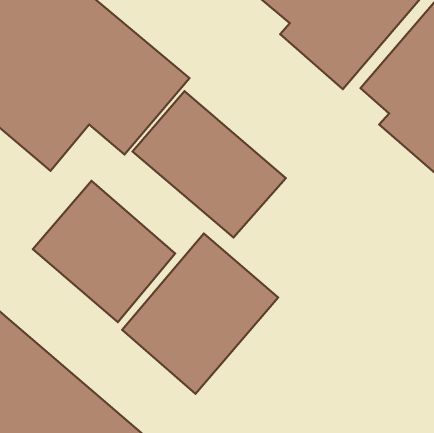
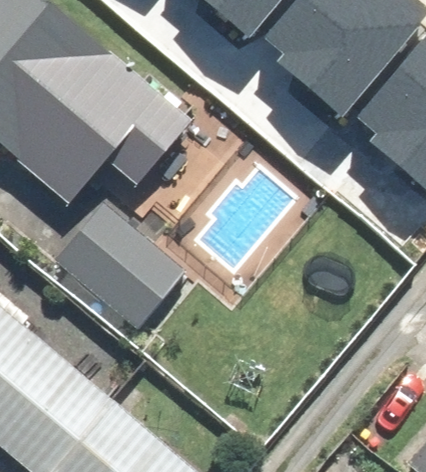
building: [132,91,286,237] -> none
building: [122,233,278,394] -> none

